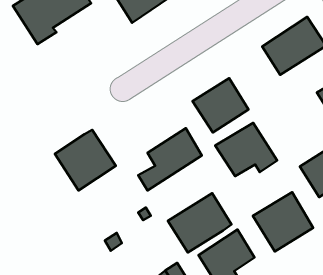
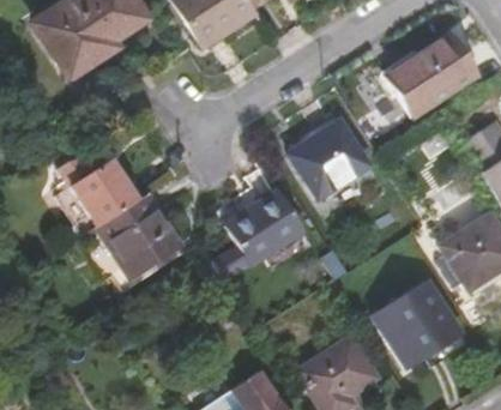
building: none -> [59,152,137,229]
building: [215,123,277,176] -> none
building: [168,193,231,253] -> none

